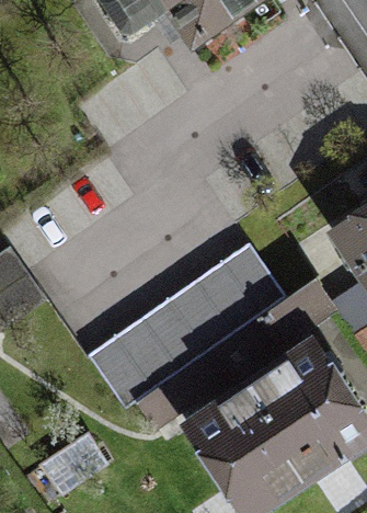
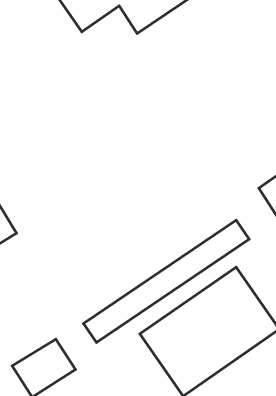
building: [81,242,285,411] -> none

